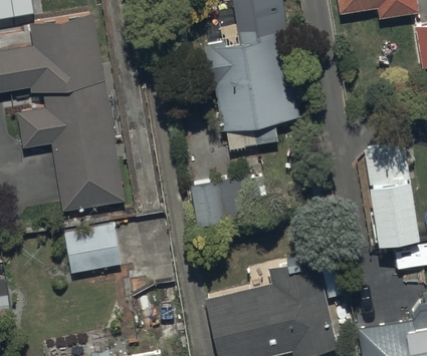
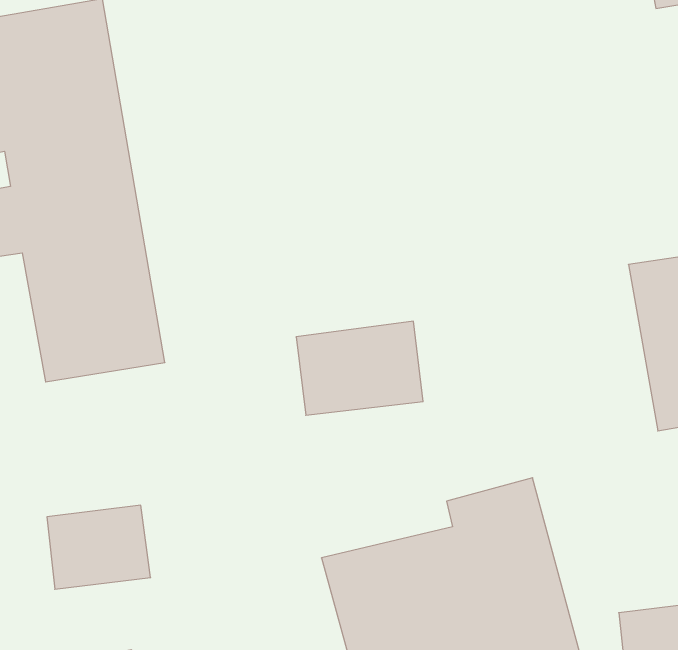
building: [204,22,302,149] -> none
building: [66,228,120,271] -> [47,505,151,589]

